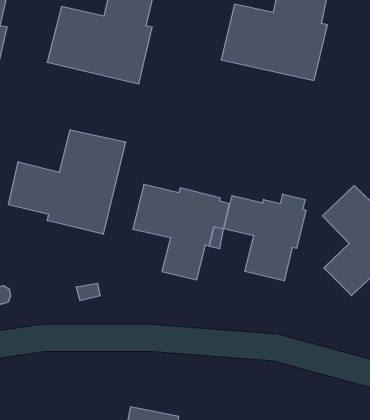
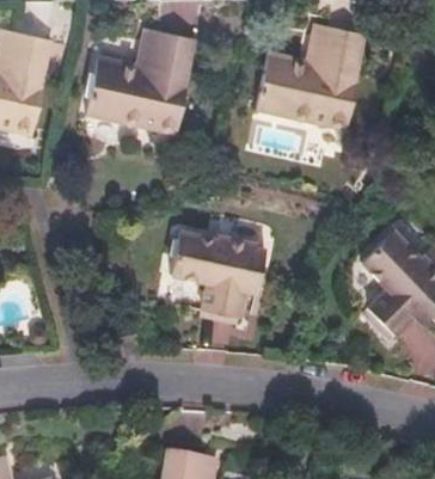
building: [9,130,125,234] -> none
building: [224,194,306,281] -> none

